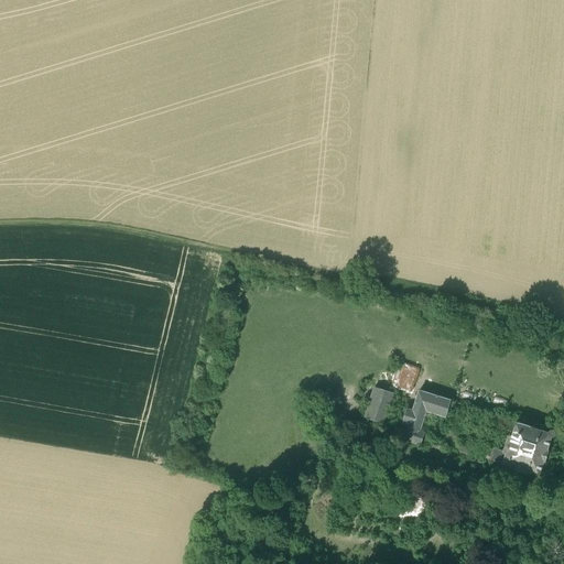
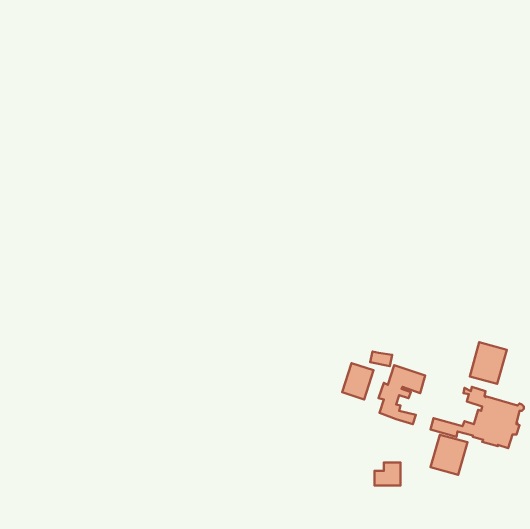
building: none -> [470,342,507,384]
building: none -> [431,435,467,475]

